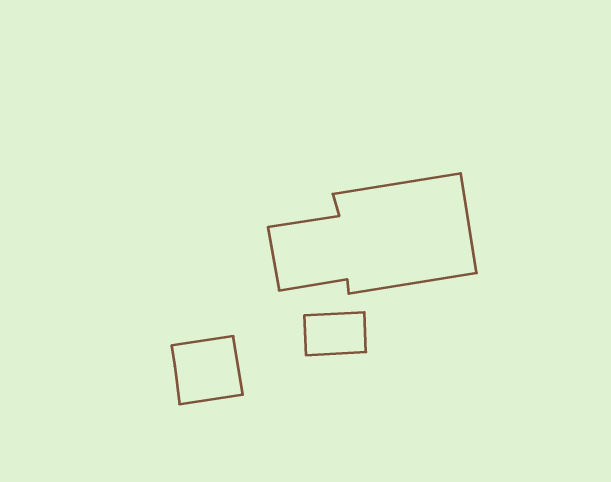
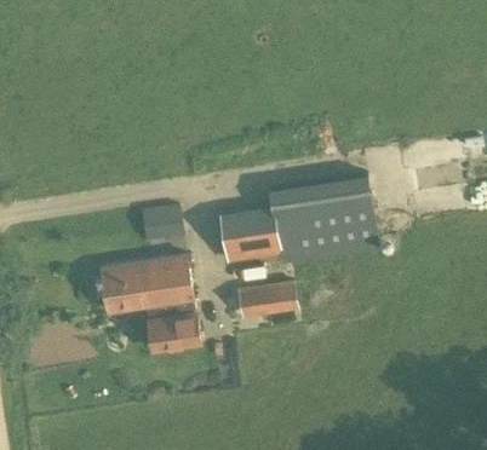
building: none -> [141,206,183,242]
building: none -> [101,256,191,312]

